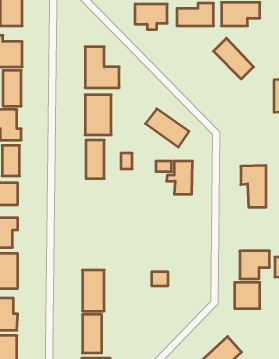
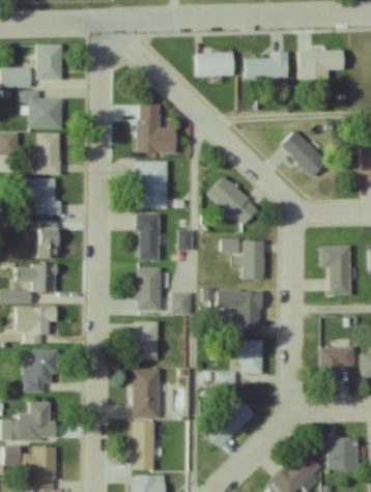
building: [213,38,254,79] -> [279,129,326,178]
building: none -> [136,267,161,312]
building: none -> [210,290,262,335]
building: none -> [134,322,158,360]
building: none -> [241,340,262,374]
building: [235,282,260,309] -> [327,438,358,469]
building: none -> [204,399,255,450]

